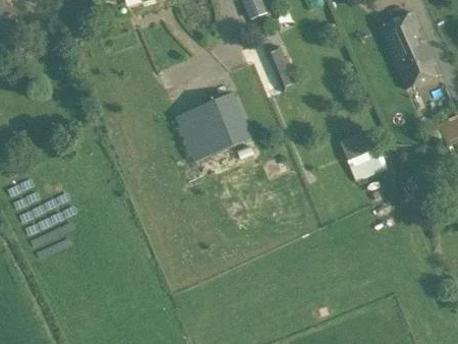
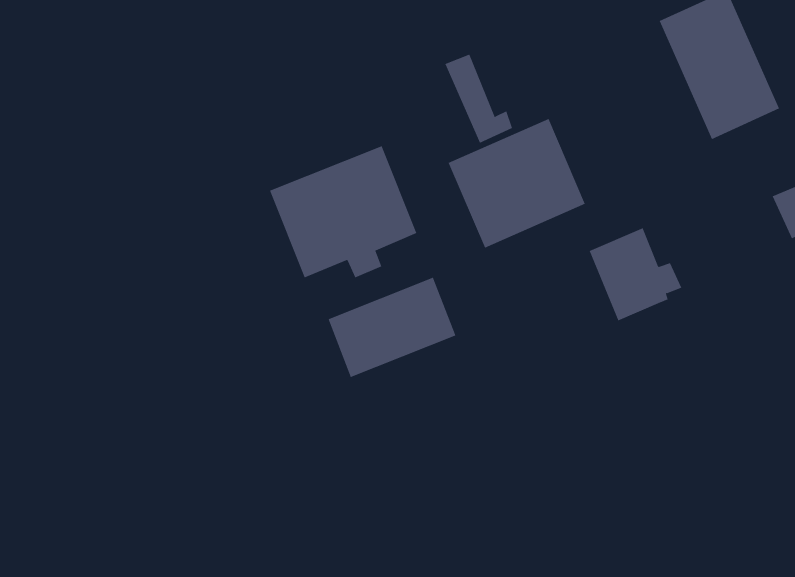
building: none -> [448,118,586,248]
building: none -> [328,277,456,378]

